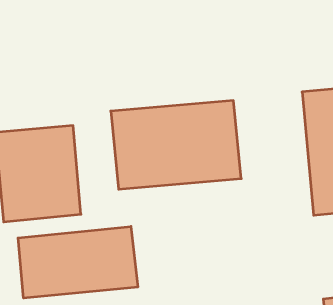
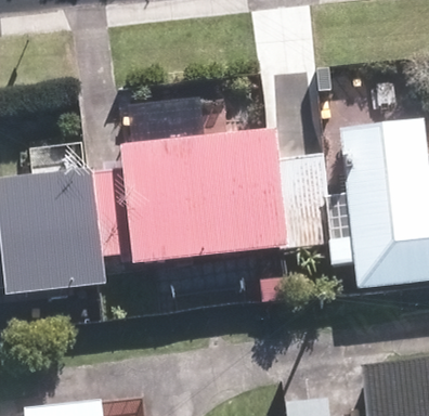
building: [18,226,138,298] -> none

